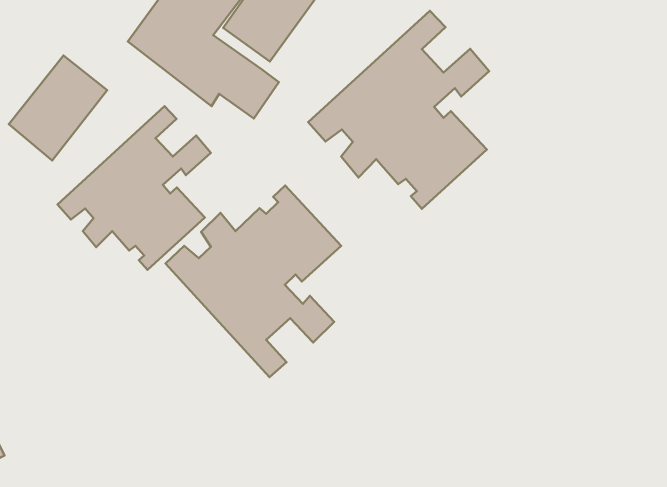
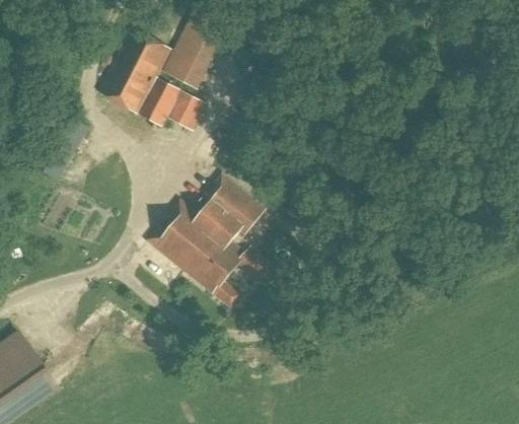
building: [308,11,489,209] -> none
building: [57,106,211,270] -> none

